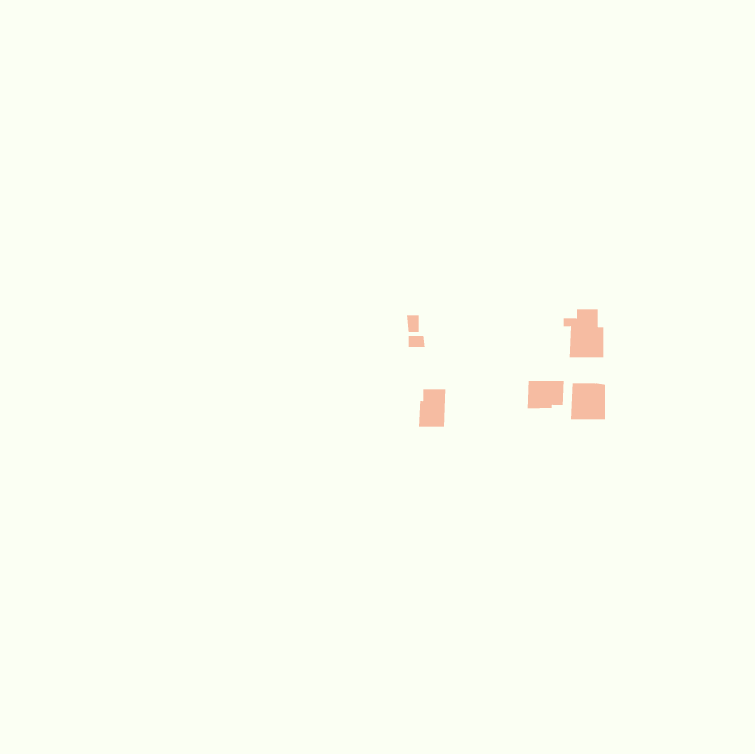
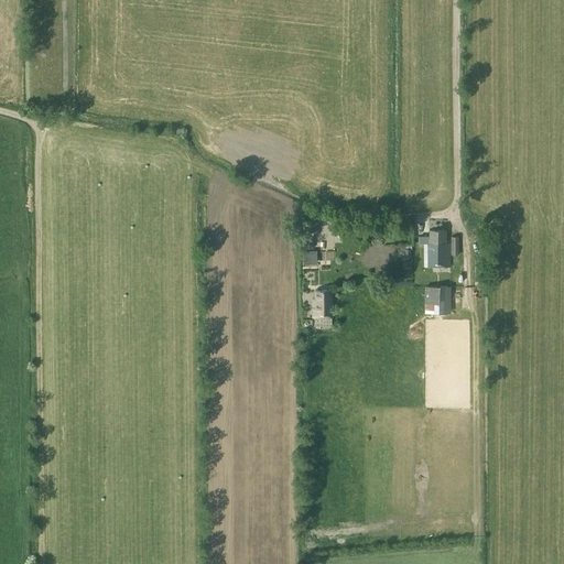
building: [527,380,564,409] -> none

